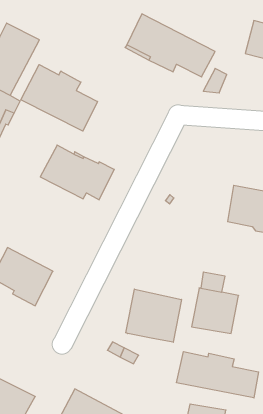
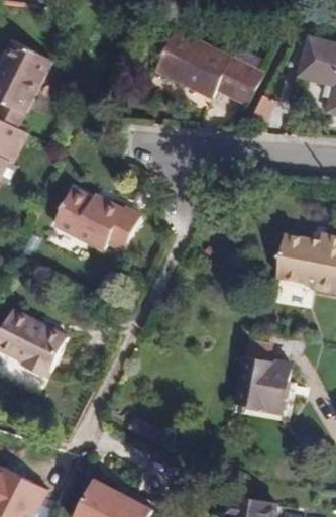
building: [21,65,97,131] -> none
building: [126,289,181,342] -> none
building: [177,352,259,398] -> none

